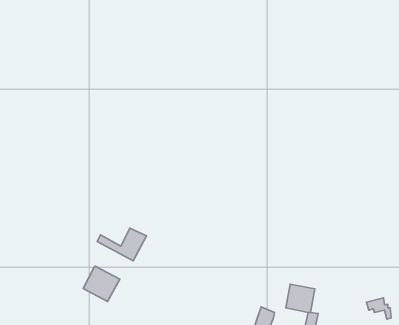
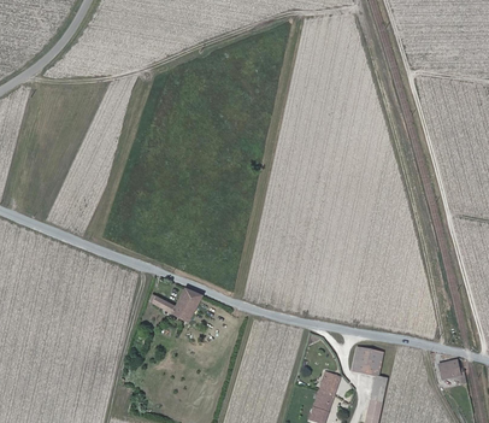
building: [83,266,120,302] -> none

